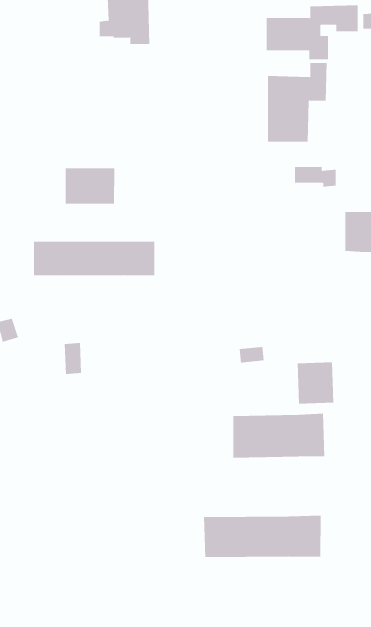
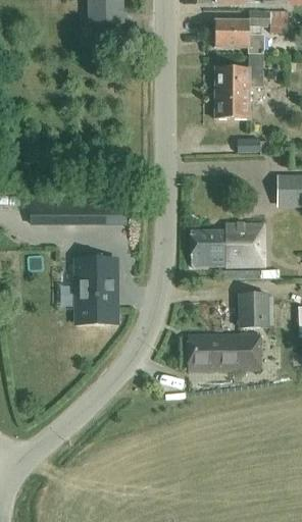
building: [65,167,115,205] -> none
building: none -> [191,224,264,265]
building: none -> [72,256,119,325]
building: [204,515,321,558] -> none

